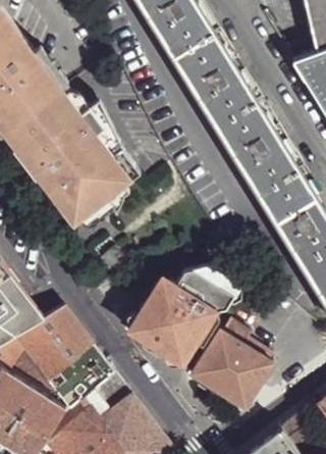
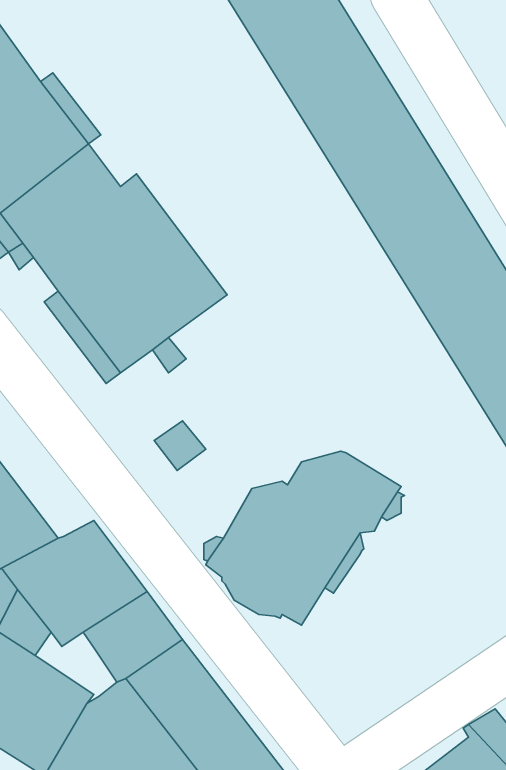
building: [188,321,272,409] -> none

